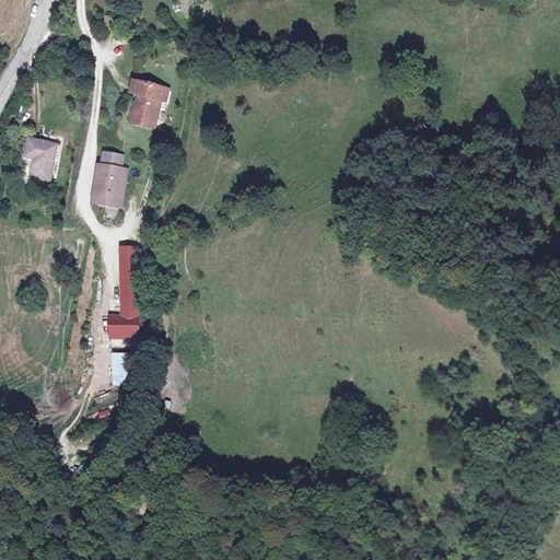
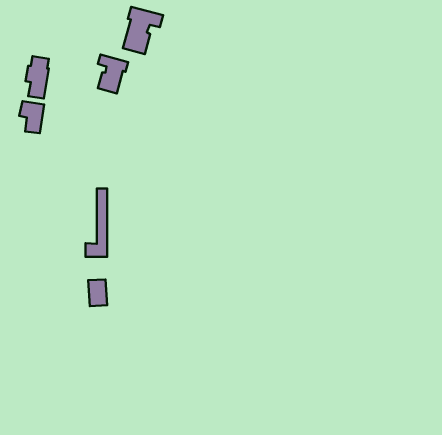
building: none -> [123,7,163,54]
building: [95,153,125,207] -> [26,56,49,99]

